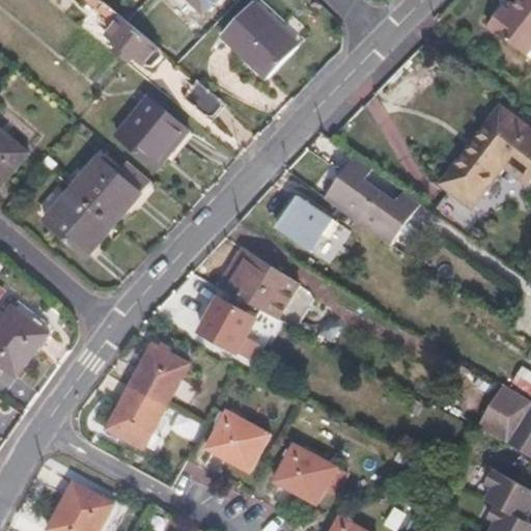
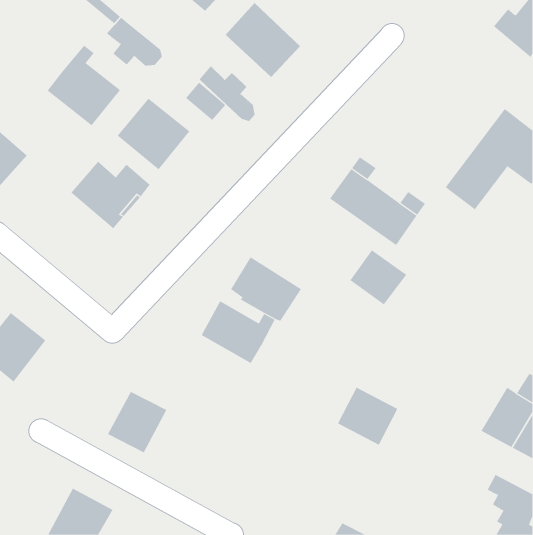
building: none -> [47,45,121,126]
building: none -> [199,66,255,122]
building: [43,190,112,253] -> none
building: [276,196,333,251] -> [349,250,407,305]
building: [129,342,188,404] -> none
building: [205,411,269,470] -> none
building: [274,444,334,502] -> [337,387,398,446]

